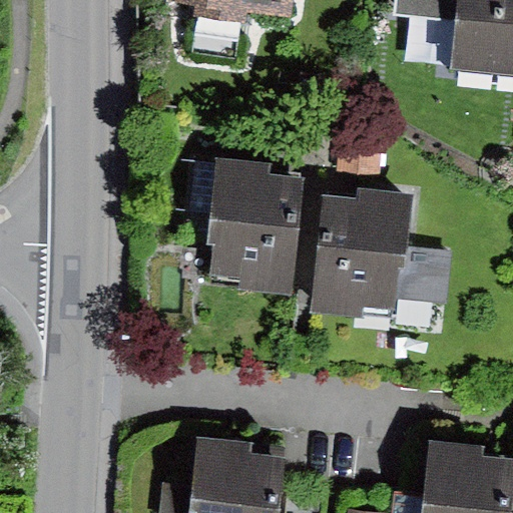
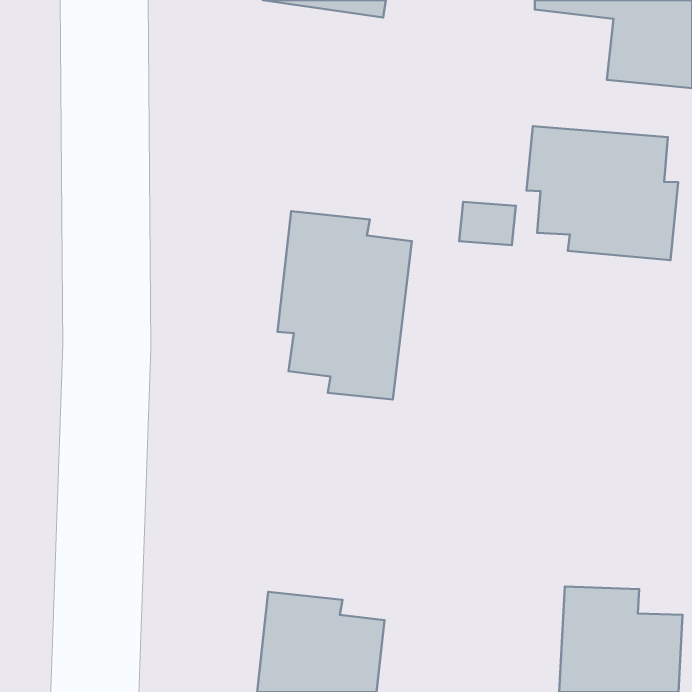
building: none -> [527,126,678,260]
building: [312,189,453,318] -> none

